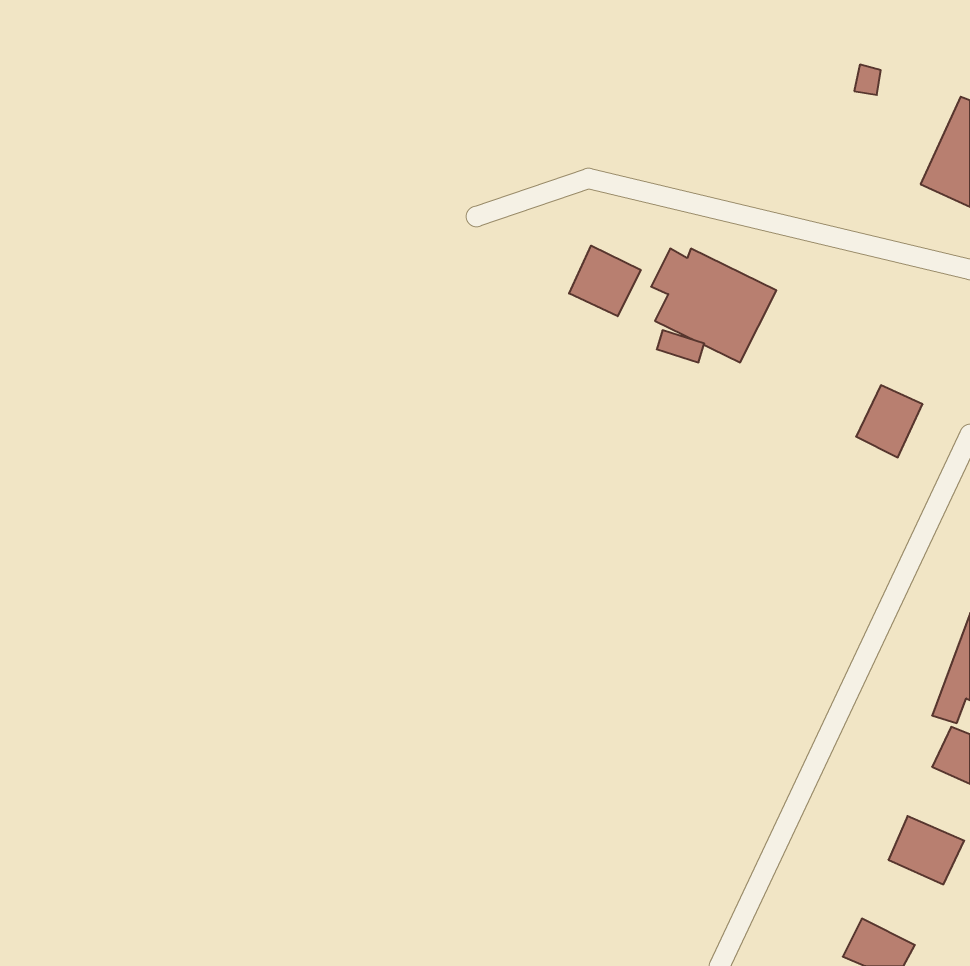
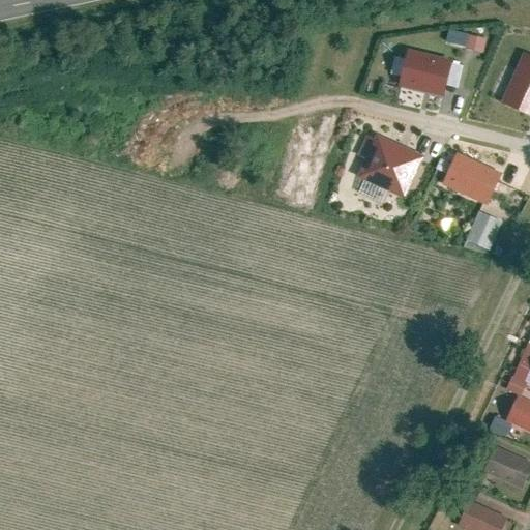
building: none -> [399,51,450,96]
building: [569,246,641,316] -> none
building: none -> [442,153,500,204]

